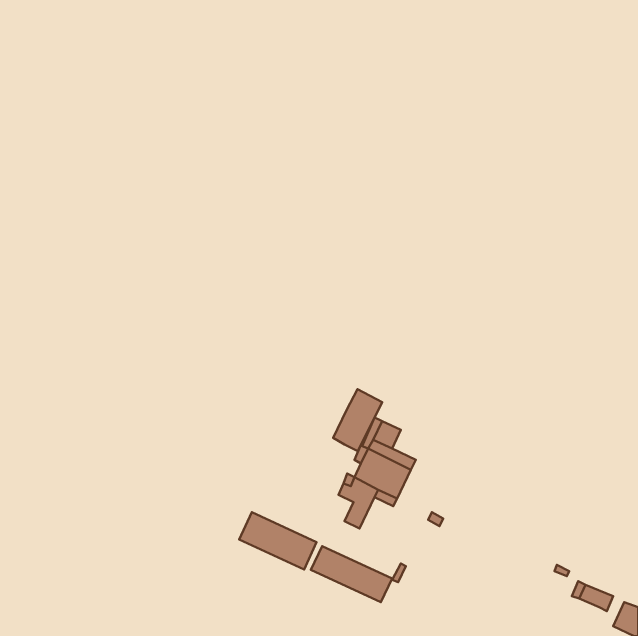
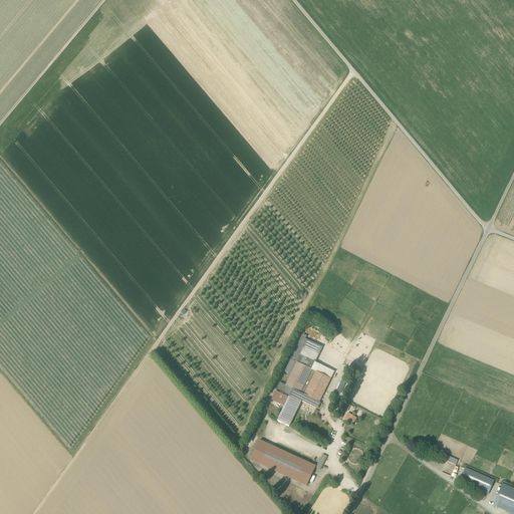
building: [333,389,382,451] -> none
building: [239,512,317,570] -> none

